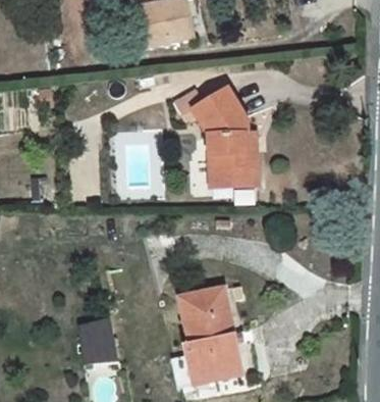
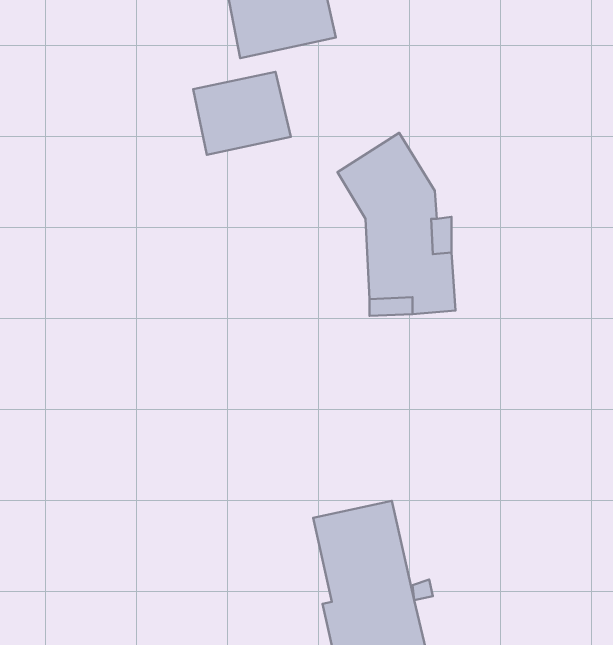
building: none -> [193,72,291,155]
building: [77,319,117,362] -> none

